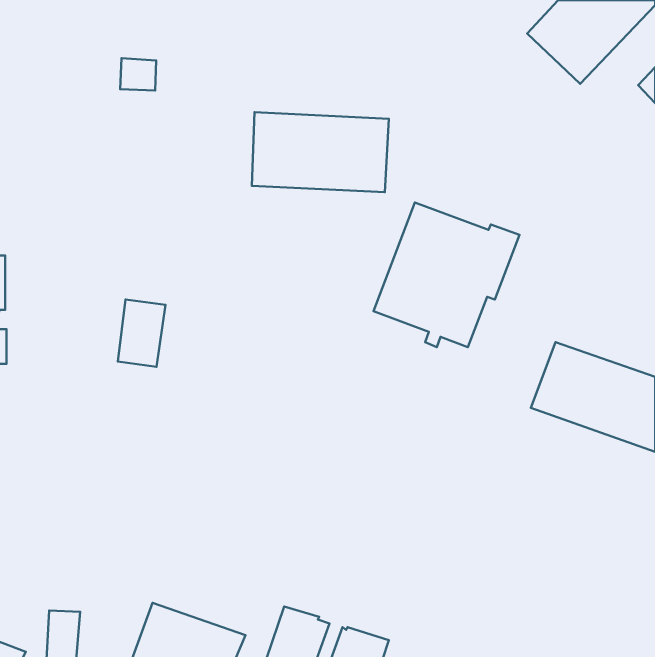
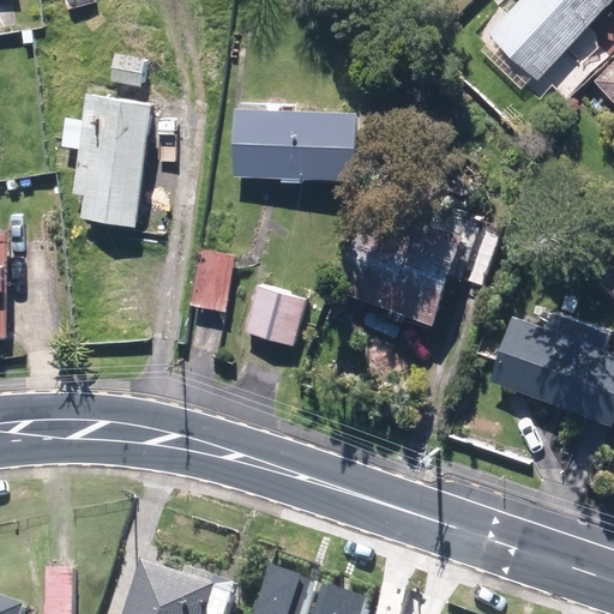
building: none -> [64,95,150,225]
building: [118,300,166,367] -> [189,249,234,312]
building: none -> [245,287,309,349]

